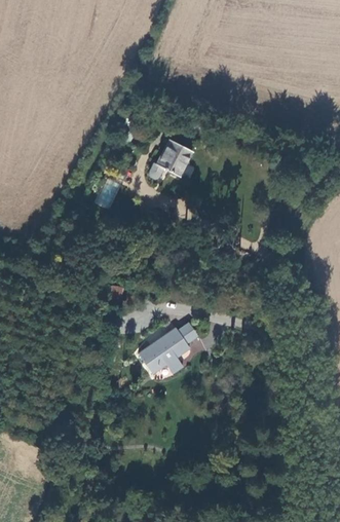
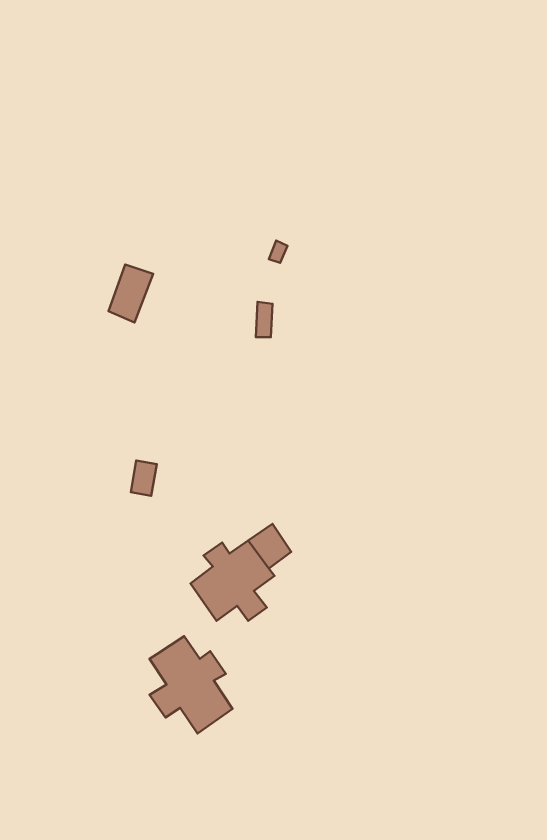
building: [157,141,191,177] -> none
building: none -> [149,636,233,733]

